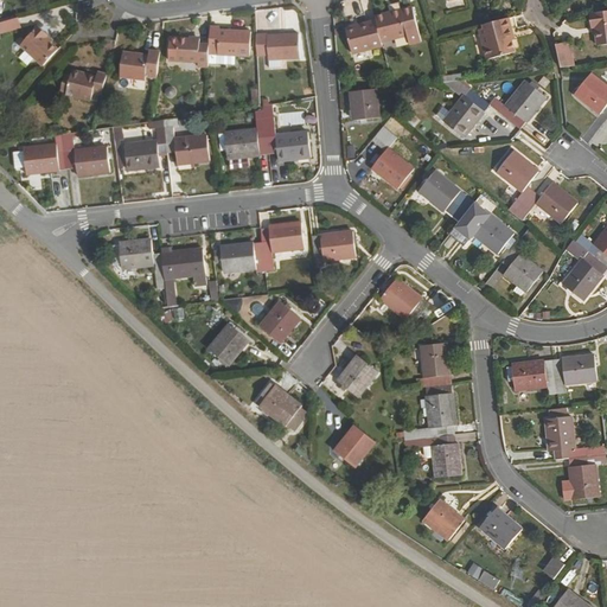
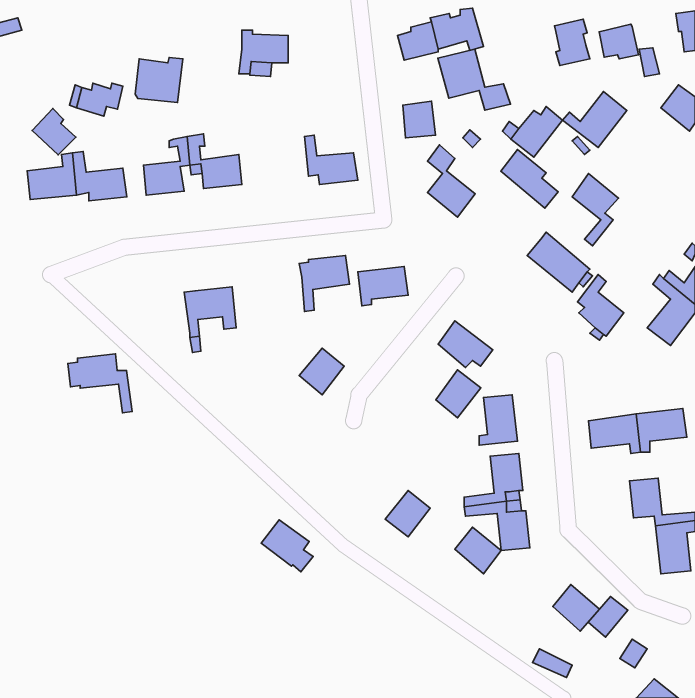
building: none -> [599,24,638,59]
building: [19,24,57,64] -> [32,109,76,155]
building: [256,34,299,59] -> none
building: [166,37,210,65] -> none
building: none -> [438,49,511,110]
building: [224,119,268,158] -> none
building: [420,171,469,222] -> [501,149,558,208]
building: [515,183,576,223] -> none
building: [109,239,165,290] -> [68,354,132,413]
building: [213,241,264,271] -> none
building: [207,325,248,365] -> none
building: [338,354,377,396] -> [436,370,481,418]
building: [258,385,304,430] -> [261,520,313,572]
building: [423,500,464,541] -> [455,527,501,574]
building: none -> [588,596,628,637]

